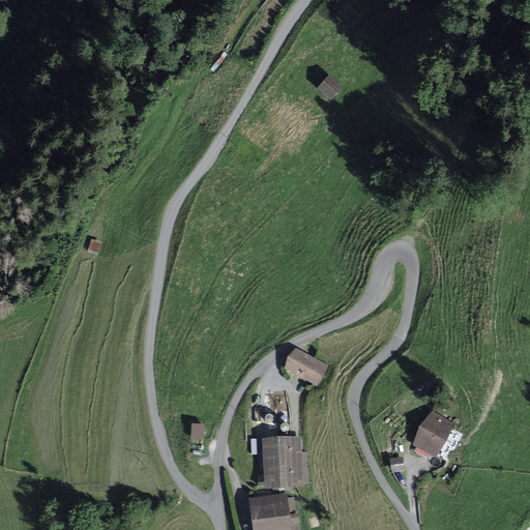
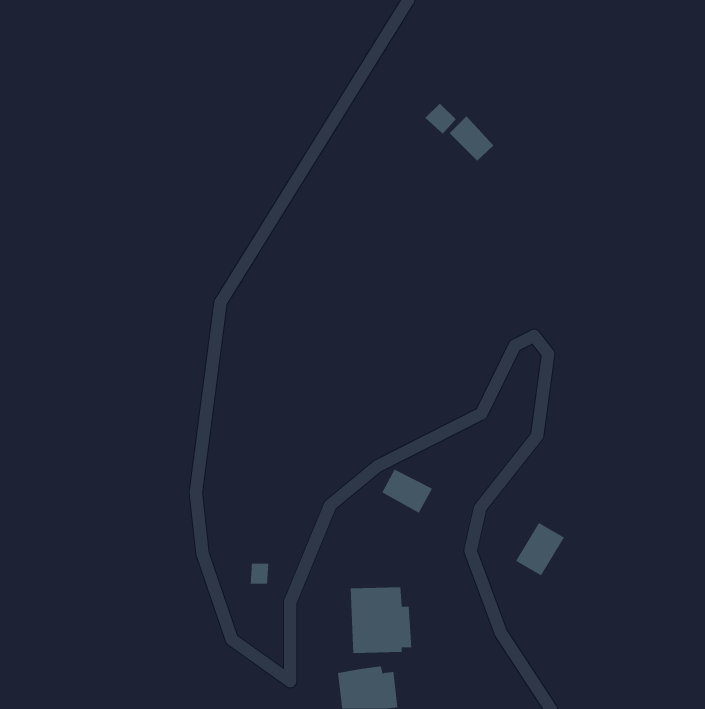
building: none -> [449,115,494,162]
building: [412,414,449,454] -> [515,522,565,576]

